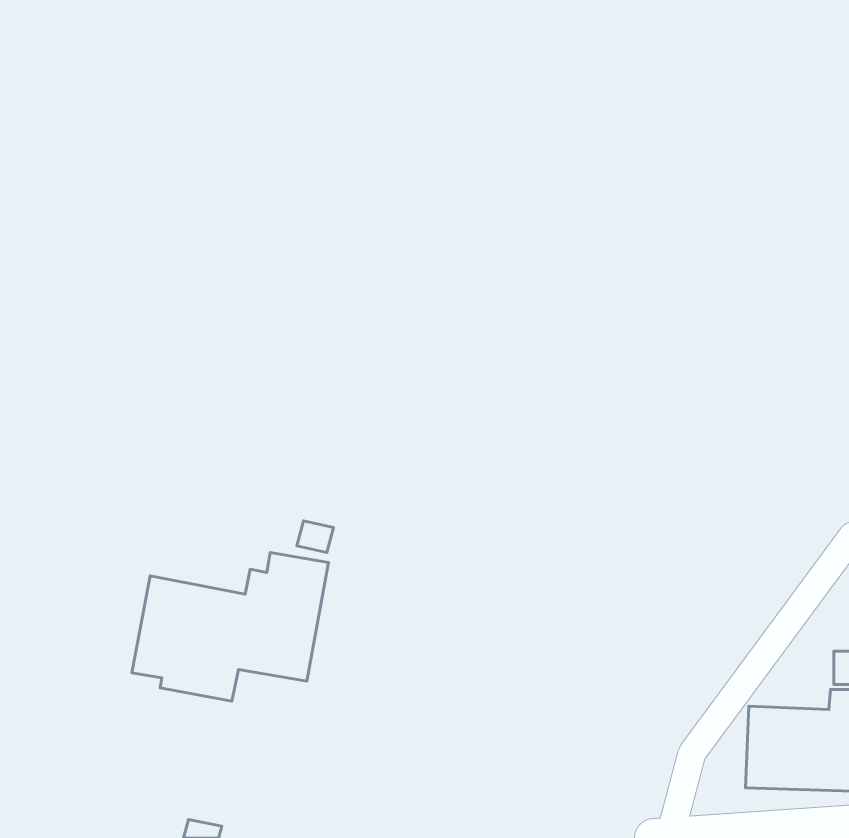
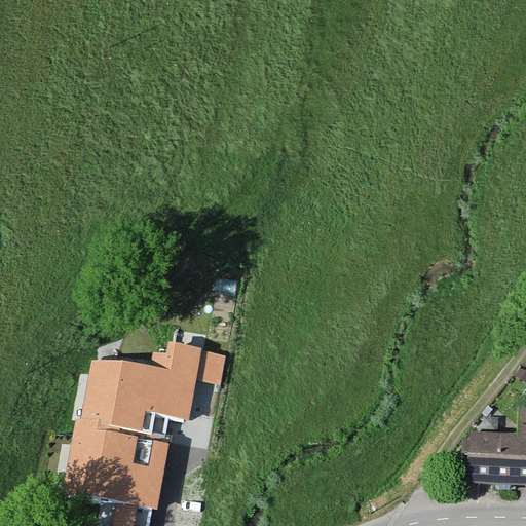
building: none -> [63,413,171,508]

